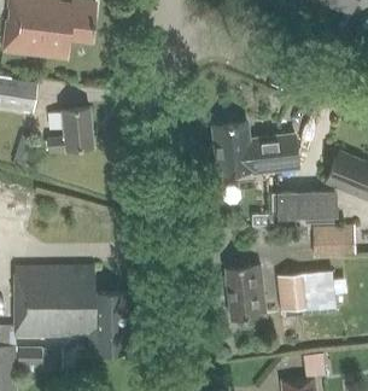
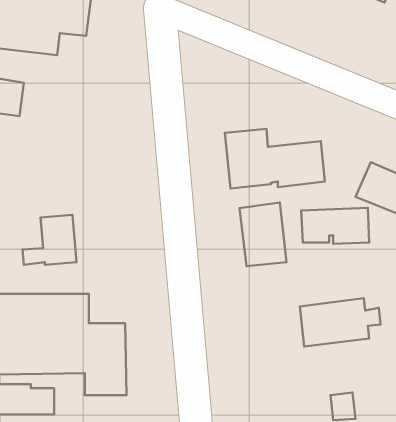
building: [46,107,93,151] -> [22,215,77,265]
building: [314,222,356,252] -> none
building: [226,264,267,320] -> [239,202,287,266]

